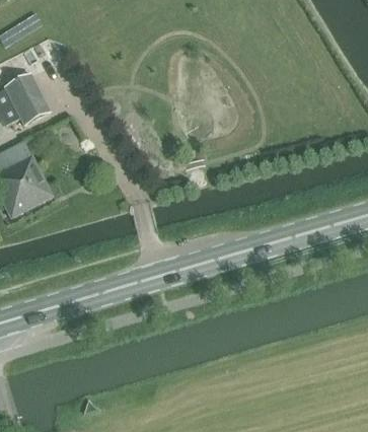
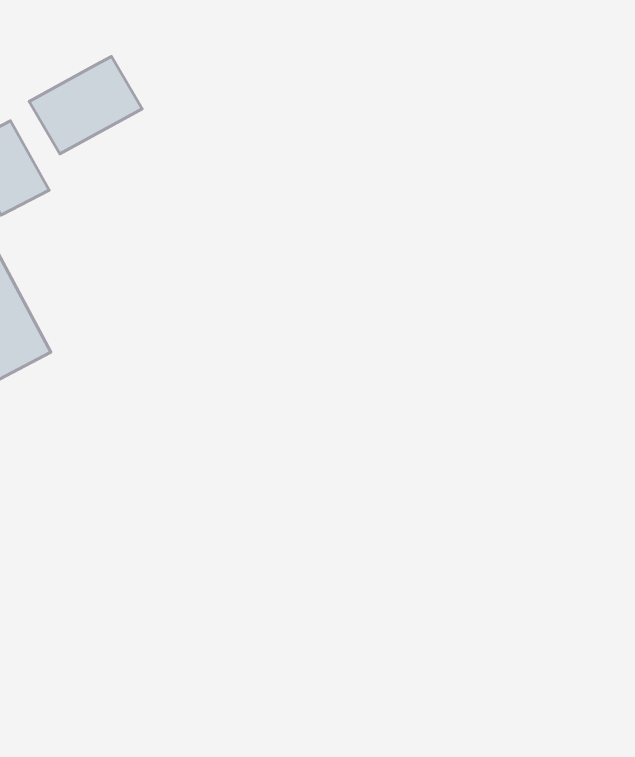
building: none -> [29,57,142,154]

